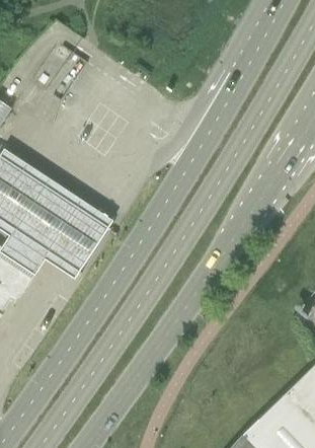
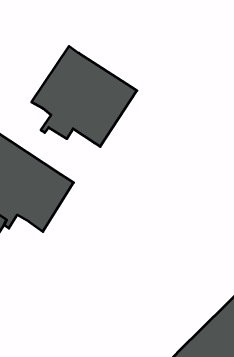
building: none -> [32,46,137,147]

